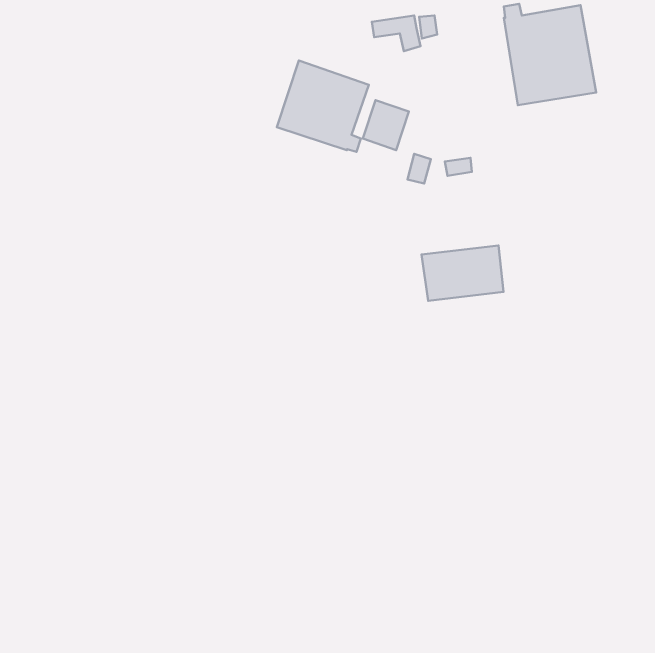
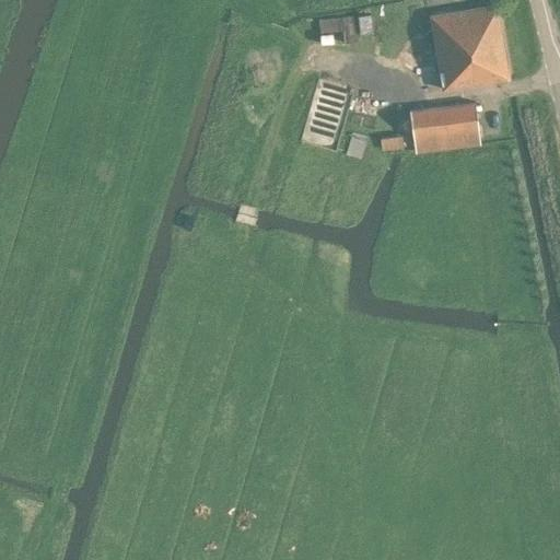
building: [277,61,369,152] -> none
building: [422,246,504,301] -> [409,105,479,152]

